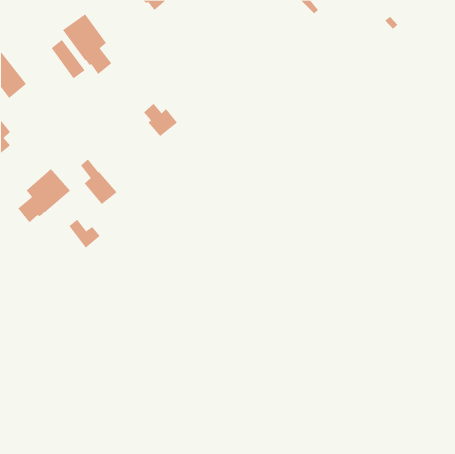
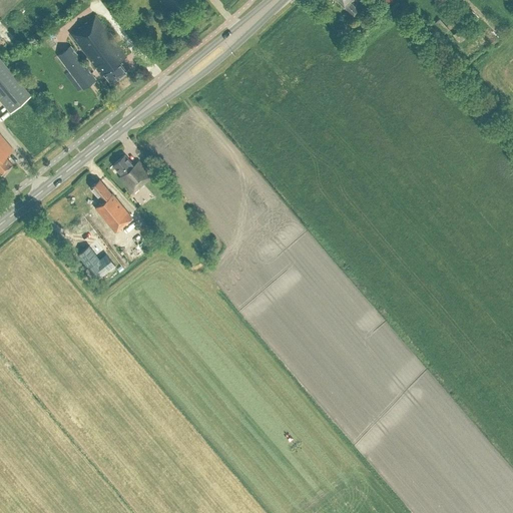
building: [143,103,178,137] -> [112,154,151,192]
building: [18,168,71,223] -> none

